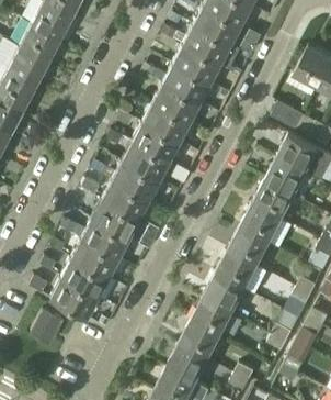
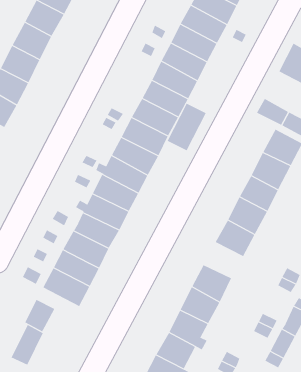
building: none -> [167,103,207,151]
building: [215,253,256,290] -> none
building: none -> [11,324,44,365]

